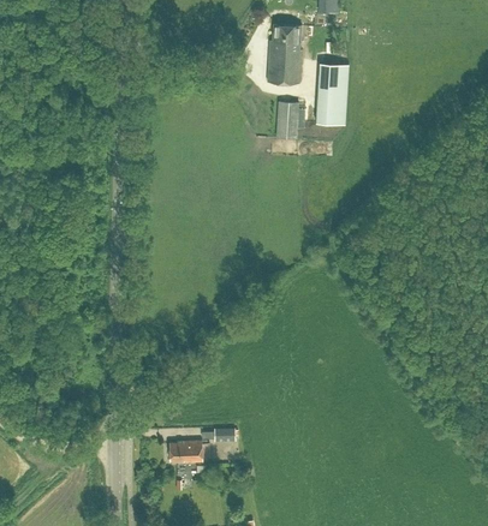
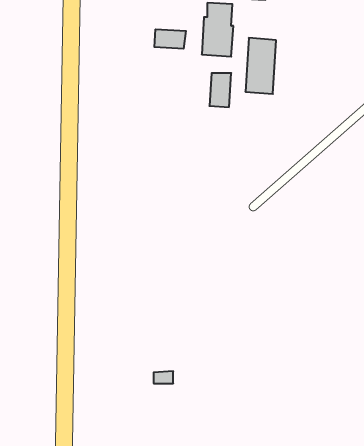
building: none -> [154,29,186,49]
building: [169,441,202,461] -> none

